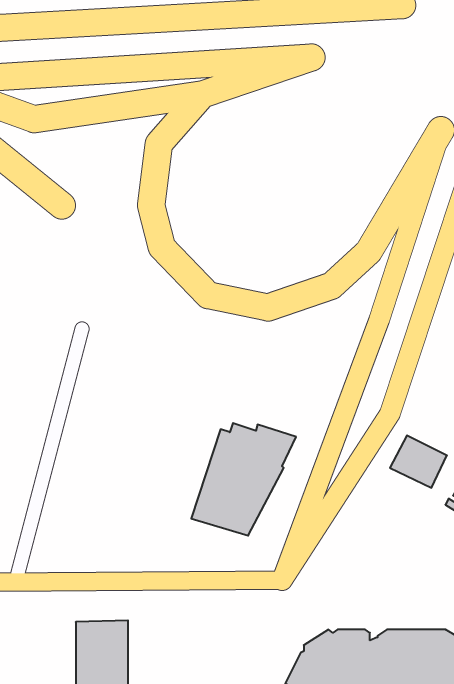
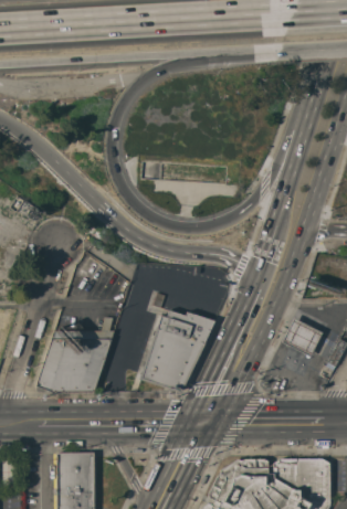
building: none -> [35,317,114,392]

